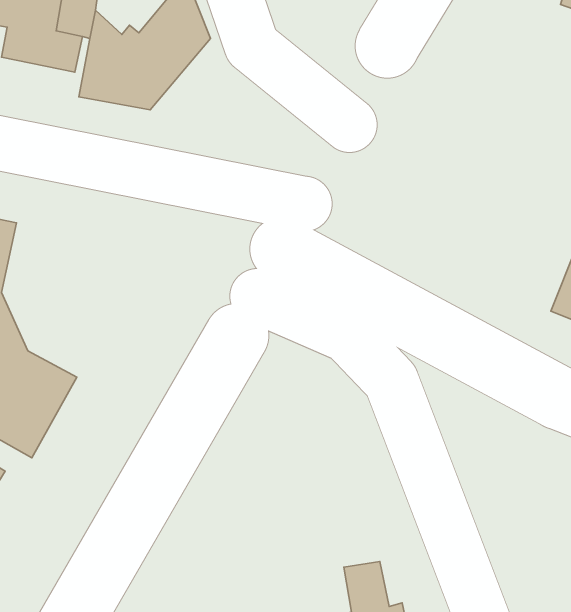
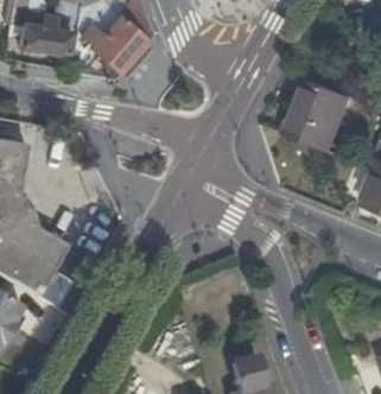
building: none -> [288,80,353,152]

